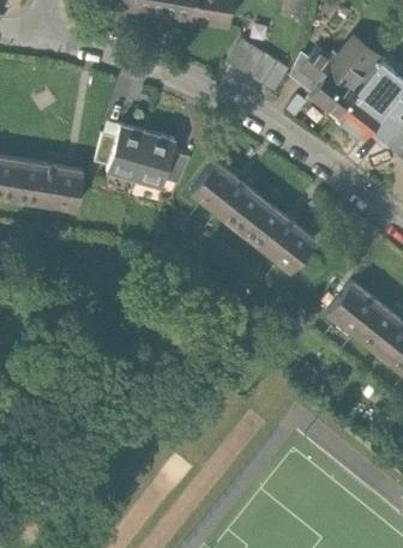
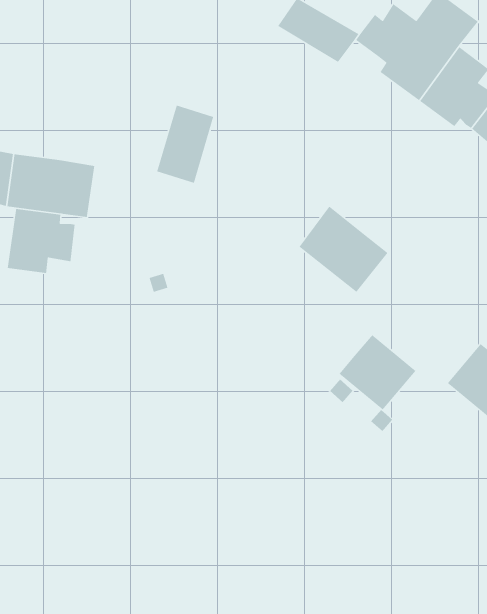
building: [106,116,149,176] -> none
building: [191,162,269,235] -> none
building: none -> [7,208,75,274]
building: [326,282,387,342] -> [338,334,416,411]

